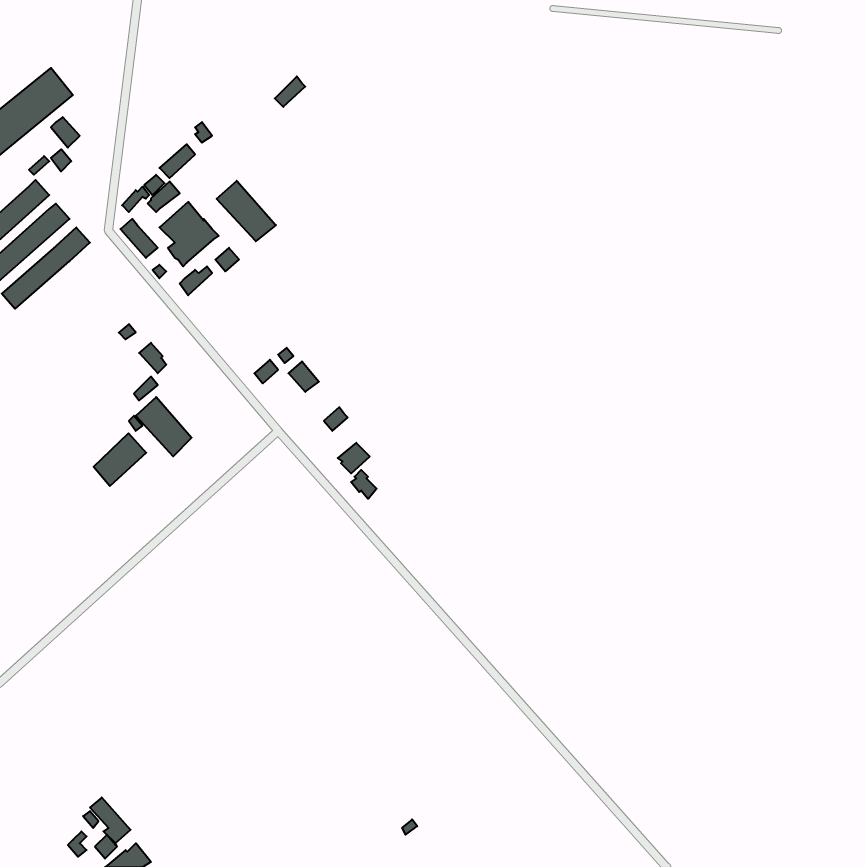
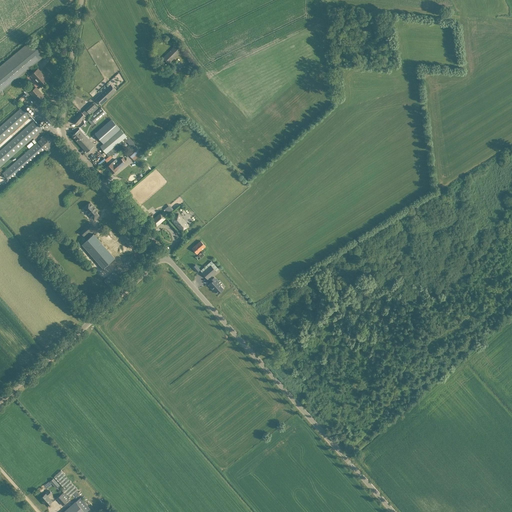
building: [217,181,276,241] -> none
building: [94,433,146,486] -> none

